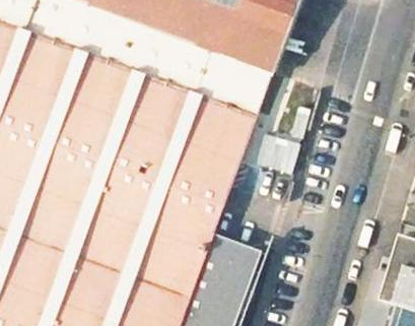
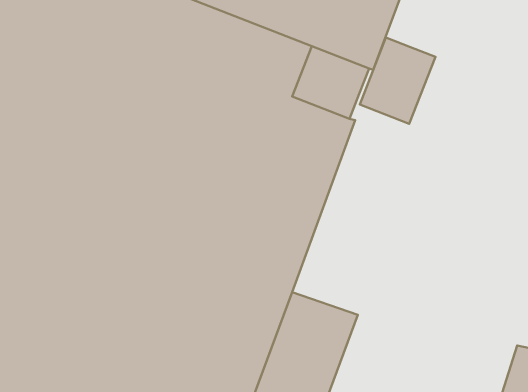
building: none -> [360,38,435,124]

